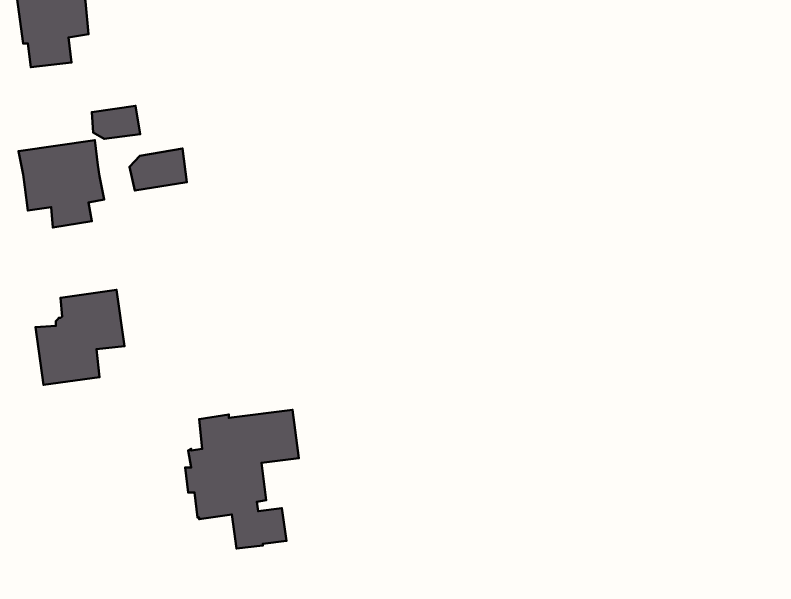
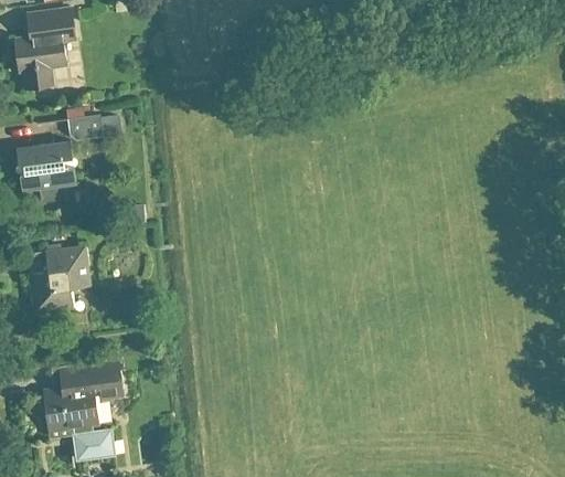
building: [129,148,187,190] -> none
building: [185,410,299,549] -> [42,361,122,459]

